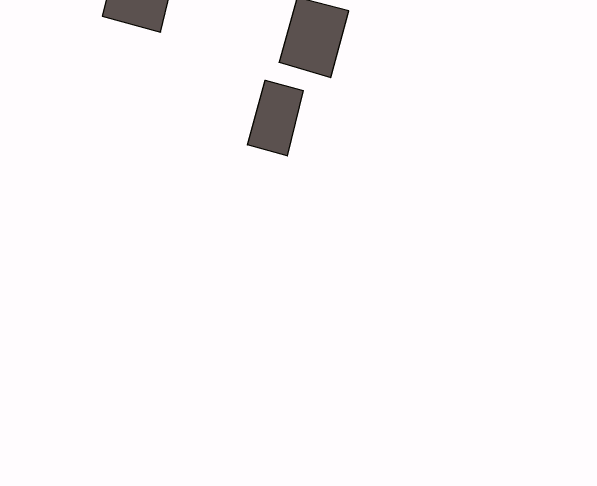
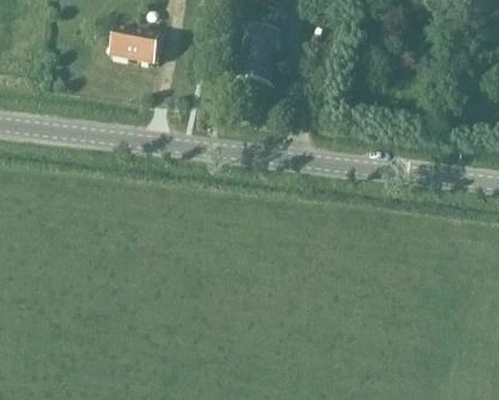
building: [247,80,303,156] -> none

